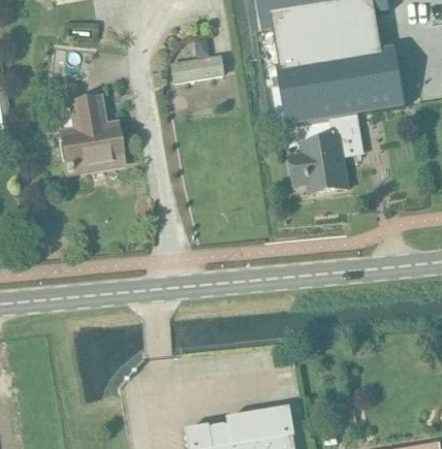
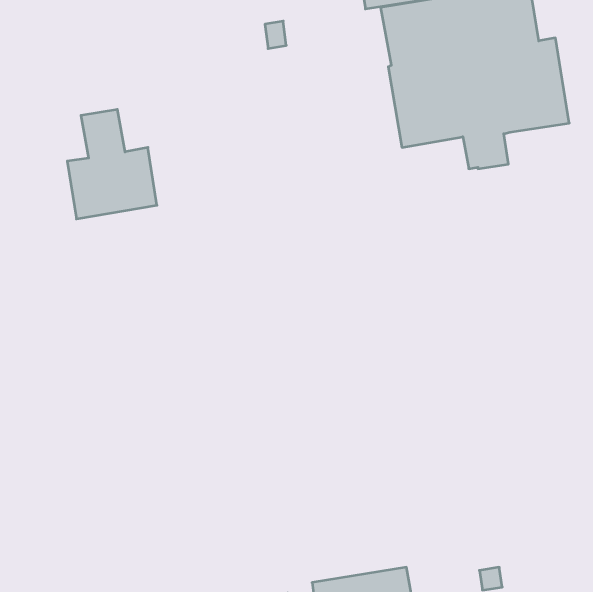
building: [169,55,226,84] -> none
building: [289,136,348,194] -> none

